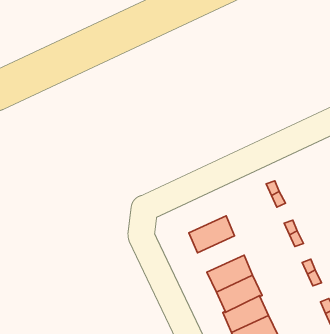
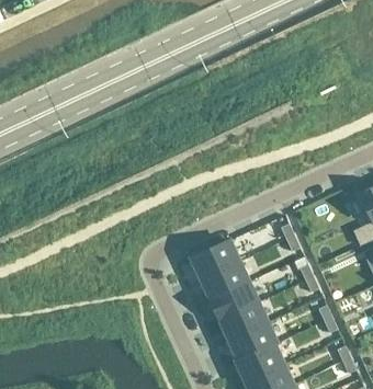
building: none -> [191,240,239,278]
building: none -> [210,282,258,319]

